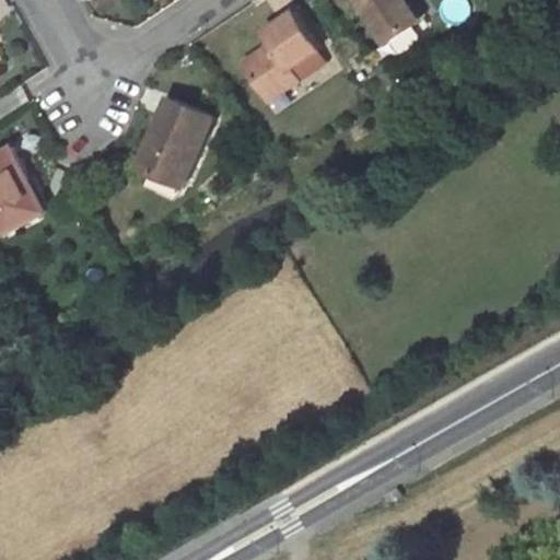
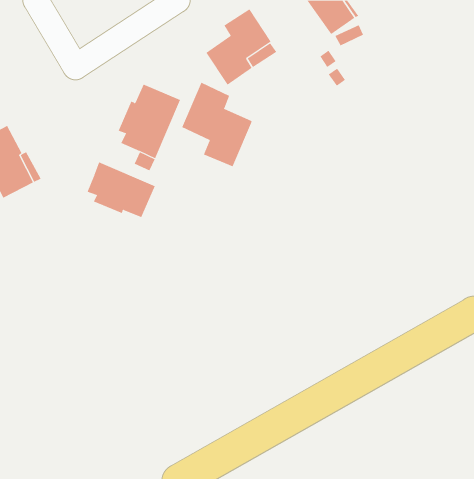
building: none -> [181,82,252,167]
building: none -> [87,162,155,218]

